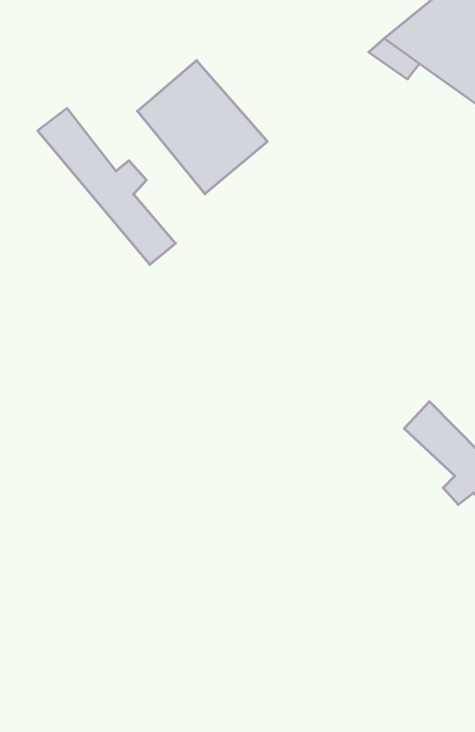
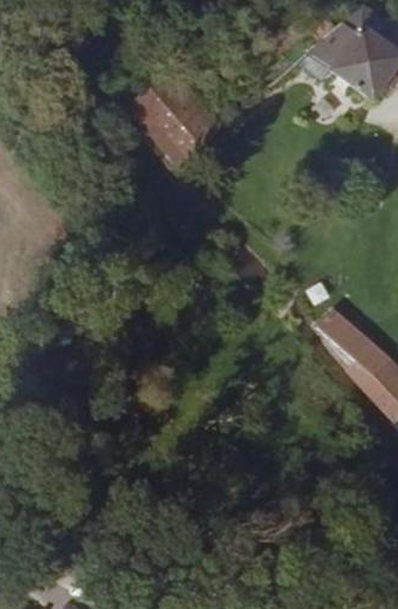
building: [38,108,176,265] -> none

